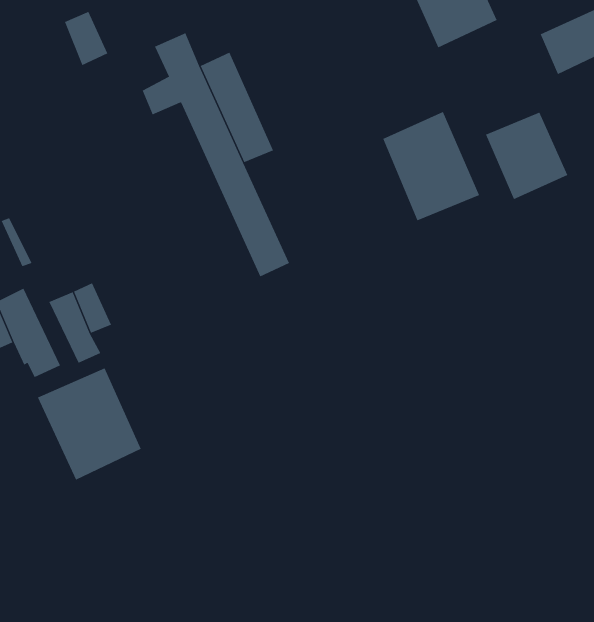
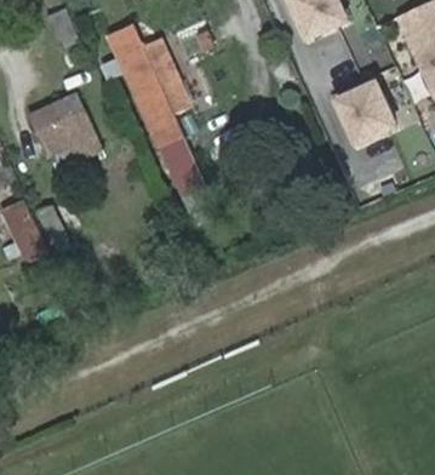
building: [382,111,480,221] -> none
building: none -> [29,93,98,155]
building: [37,367,142,481] -> none

